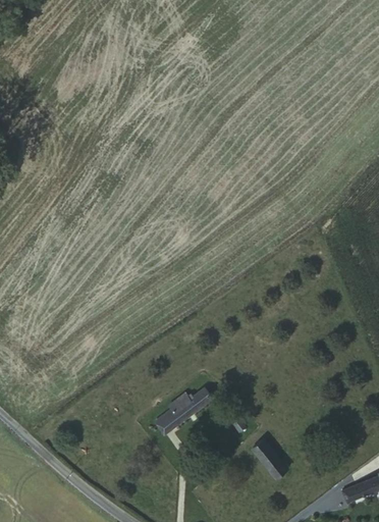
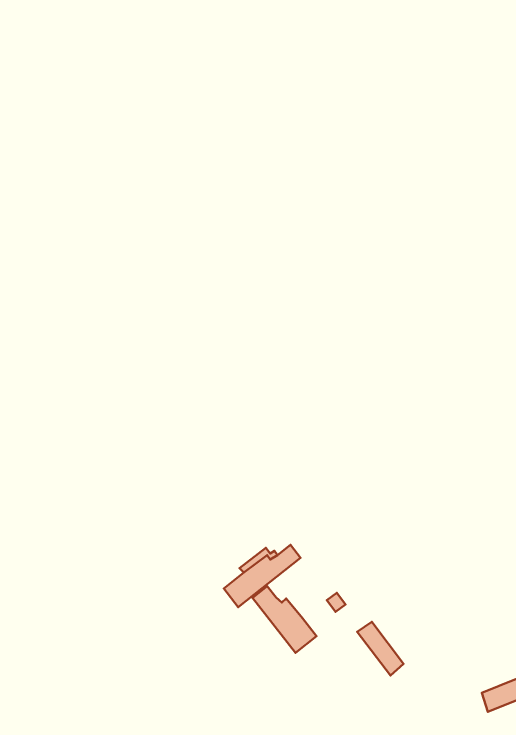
building: none -> [252,586,317,653]

